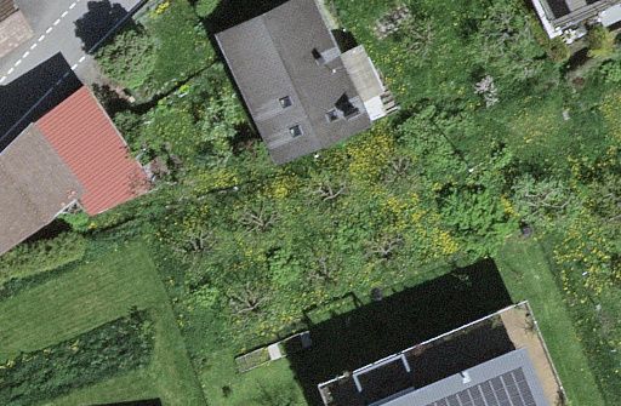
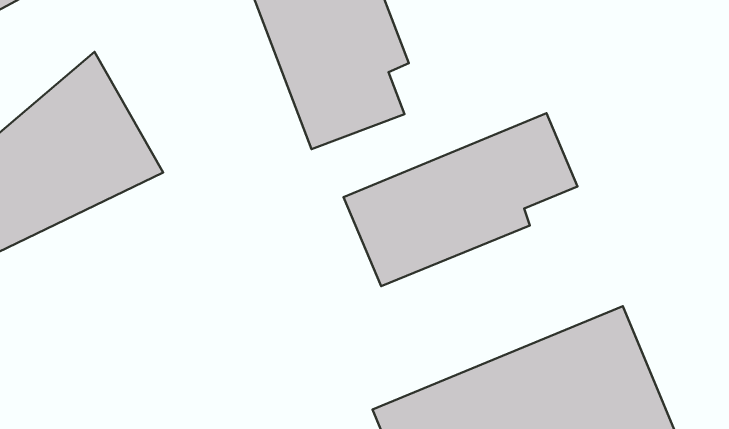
building: none -> [343,113,577,286]

